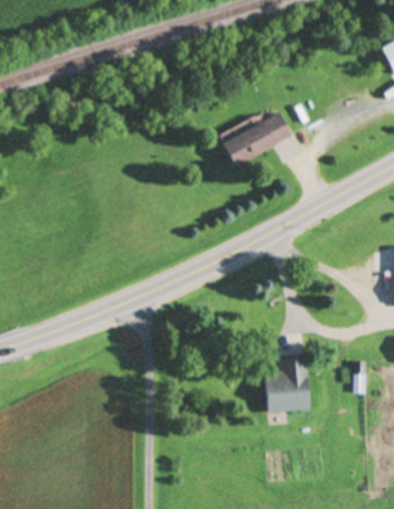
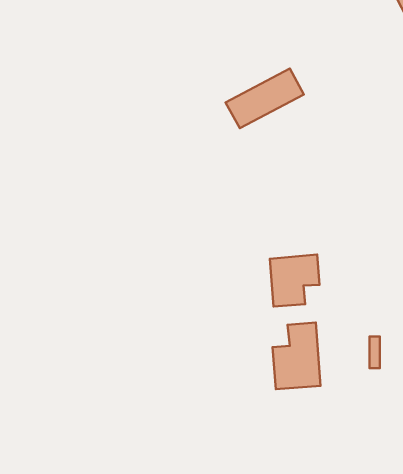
building: none -> [270,255,320,307]

